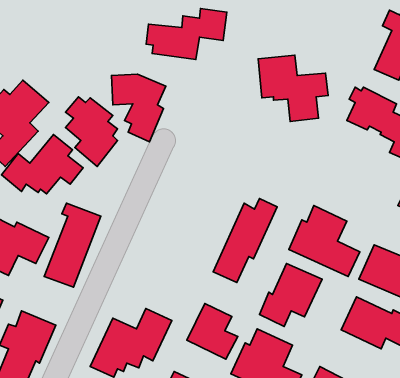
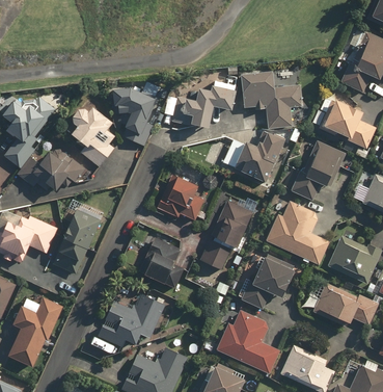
building: [146,9,227,60] -> [165,81,236,126]
building: none -> [221,130,285,182]
building: none -> [291,140,345,201]
building: none -> [157,174,204,220]
building: [187,303,238,359] -> [140,238,185,287]

